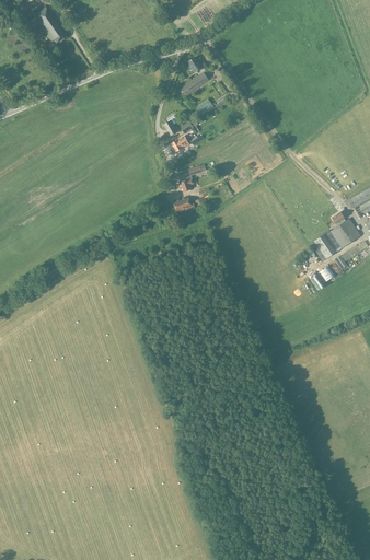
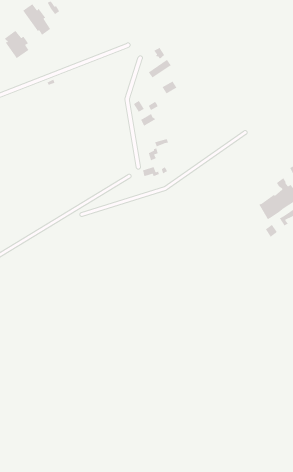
building: none -> [4,30,30,59]

